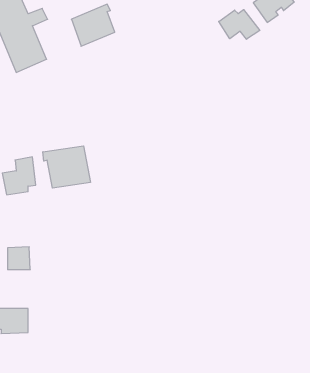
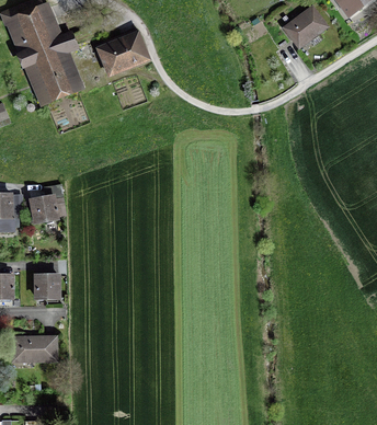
building: [219,10,260,39] -> none
building: [43,146,90,188] -> none

